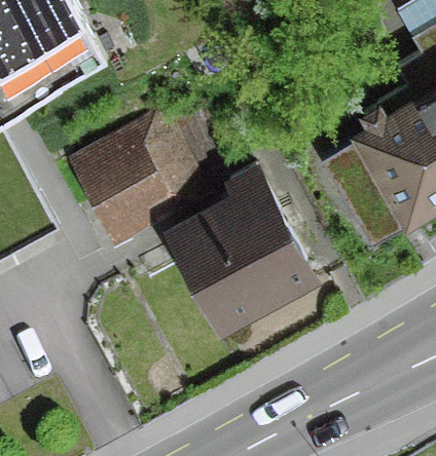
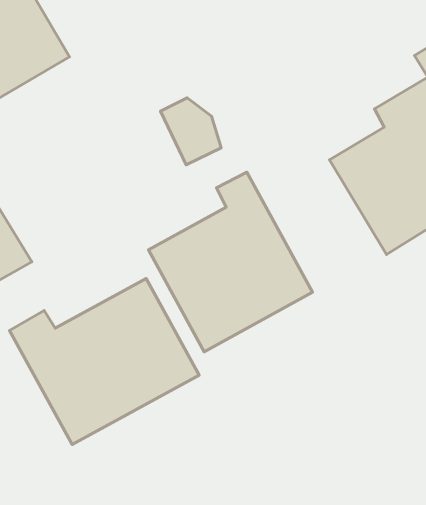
building: [67,113,185,221] -> none
building: none -> [10,278,199,444]

